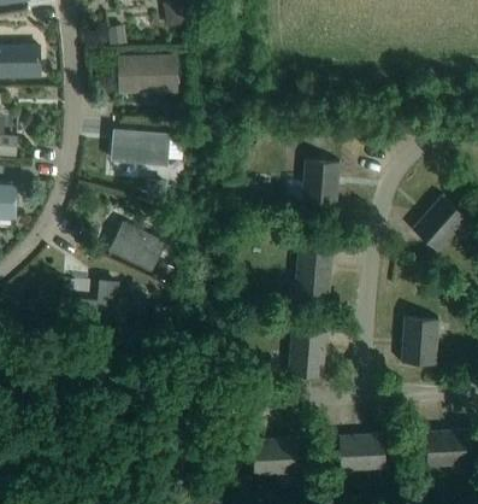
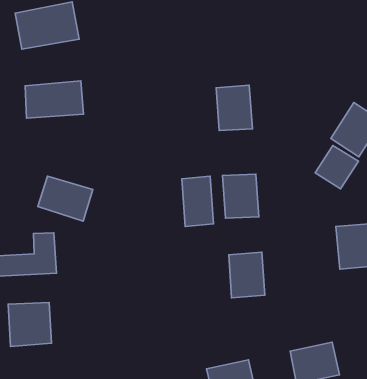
building: none -> [315,145,358,189]
building: none -> [182,176,214,226]
building: none -> [8,303,52,346]

